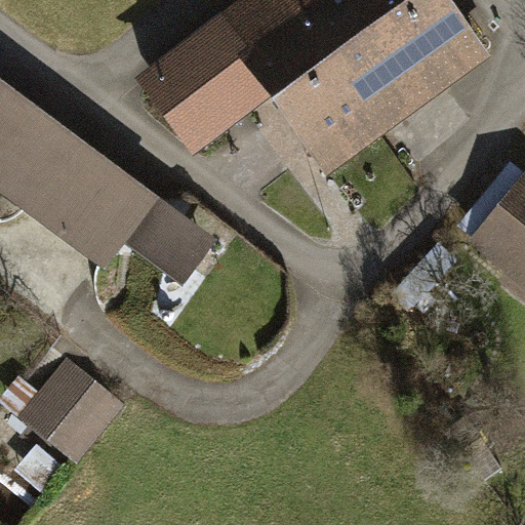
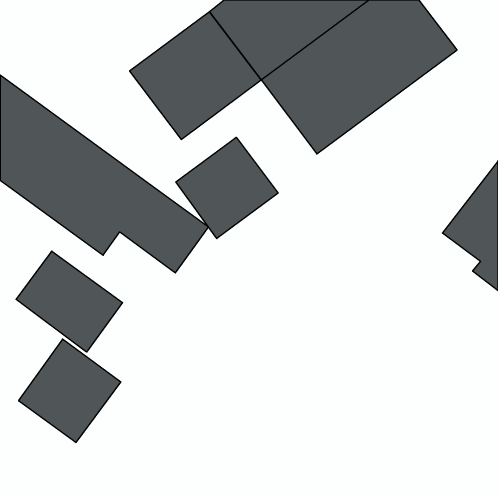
building: none -> [176,137,278,239]
building: none -> [16,251,123,352]

